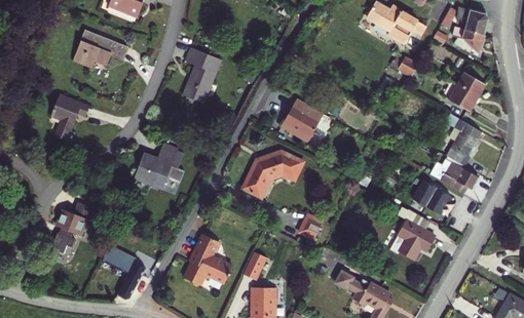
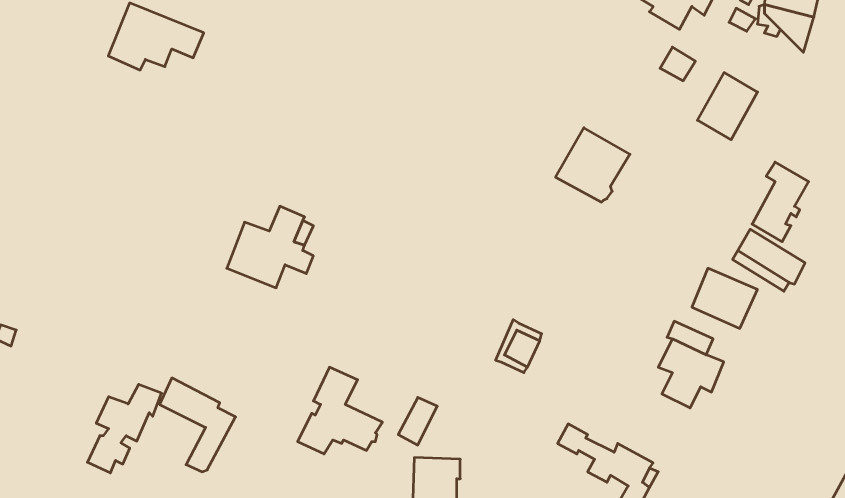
building: [185,43,221,100] -> none
building: [449,73,484,112] -> [697,73,758,140]
building: [48,91,88,141] -> none
building: [284,100,327,143] -> [556,128,630,202]
building: [244,154,303,196] -> none
building: [51,202,95,253] -> [87,384,162,473]

